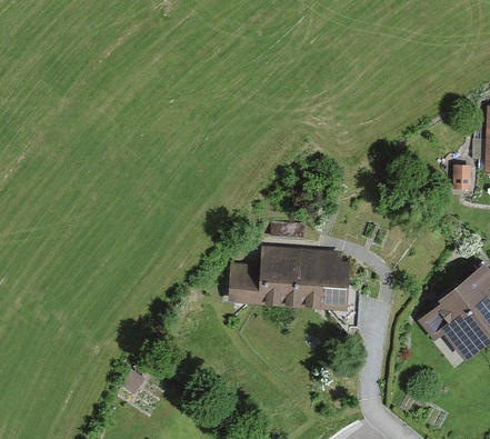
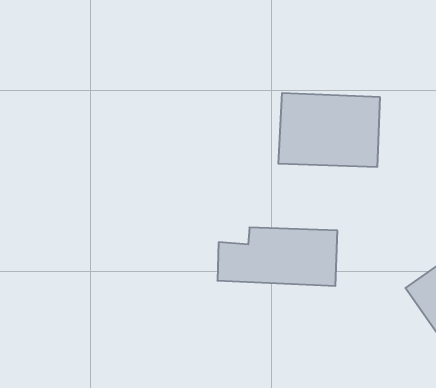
building: none -> [278,93,380,167]

